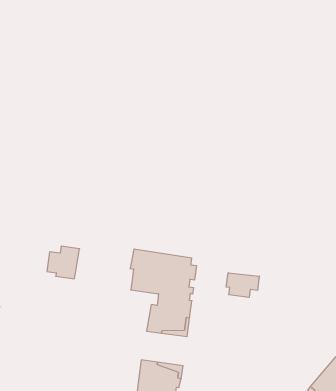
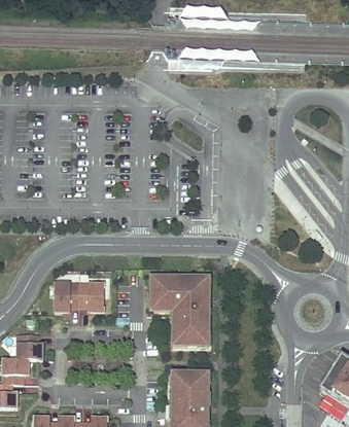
building: none -> [54,283,78,310]
building: [226,273,259,297] -> none

